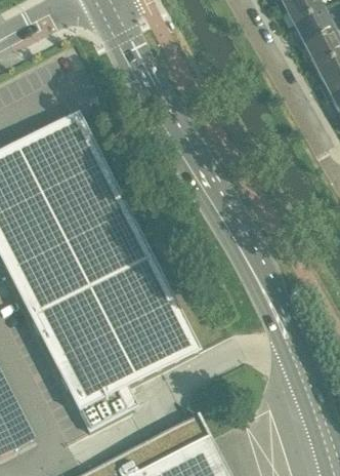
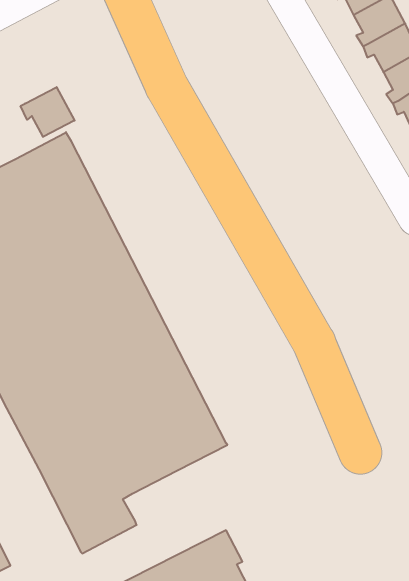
building: none -> [21,87,75,137]

